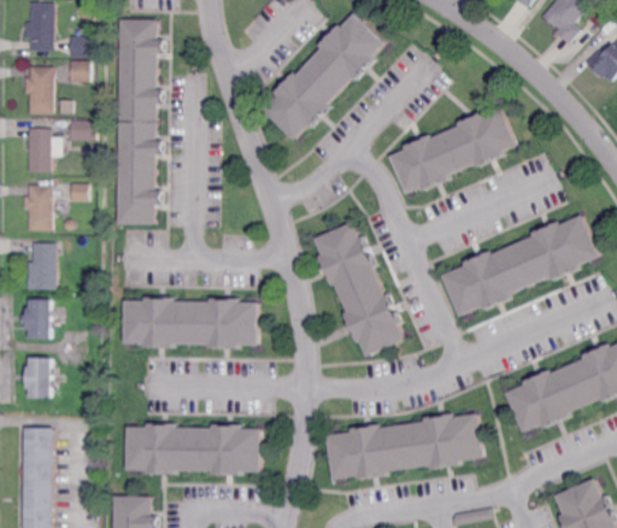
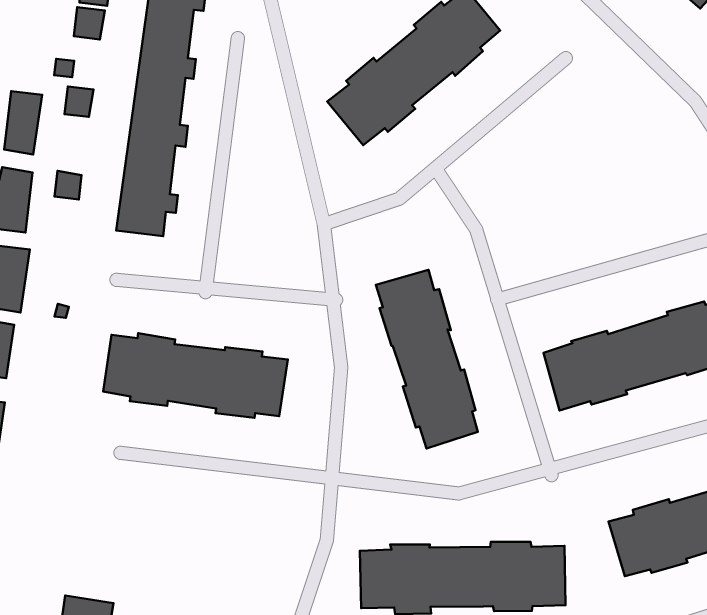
building: [24,69,53,117] -> none
building: [388,108,515,193] -> none
building: [125,424,258,475] -> none

